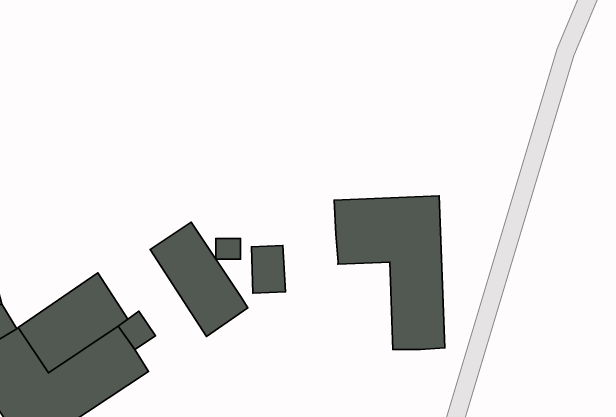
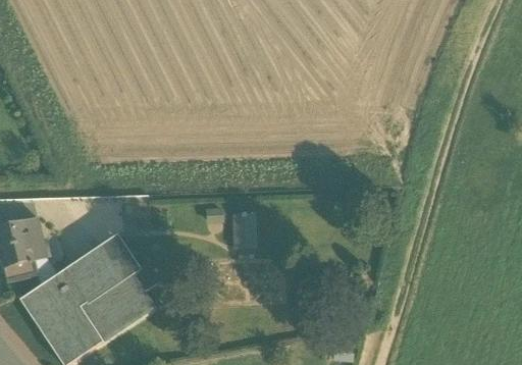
building: [334,196,445,350] -> none
building: [150,222,248,336] -> none

